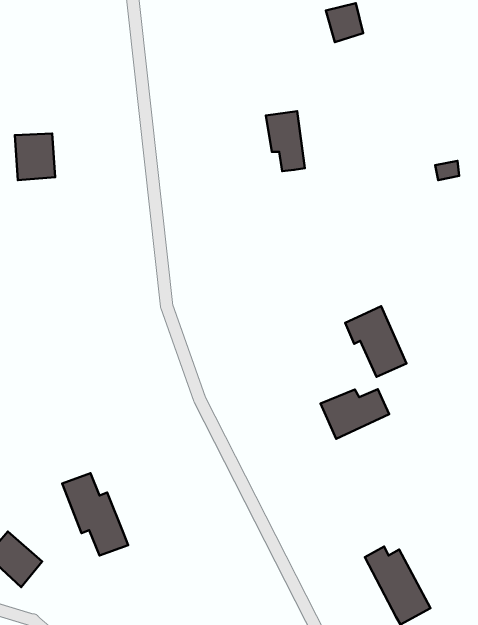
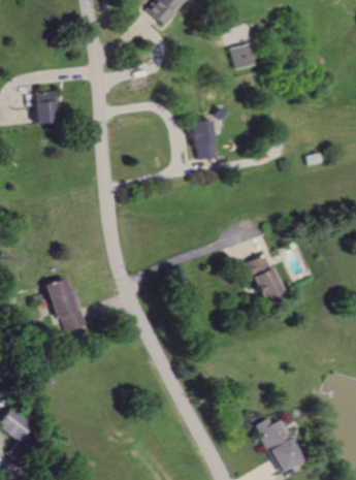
building: [15,134,55,180] -> [33,91,61,123]
building: [320,389,389,439] -> none
building: [62,473,128,556] -> [43,276,89,332]

